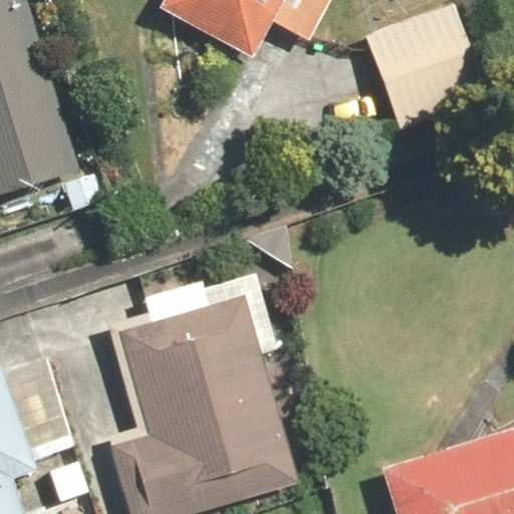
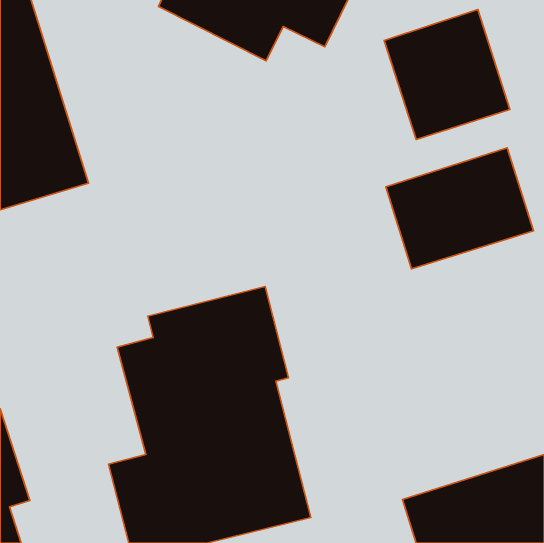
building: none -> [386,148,533,269]

